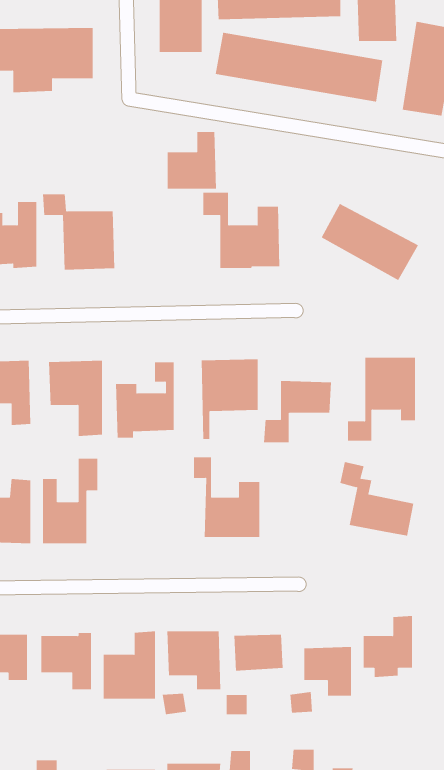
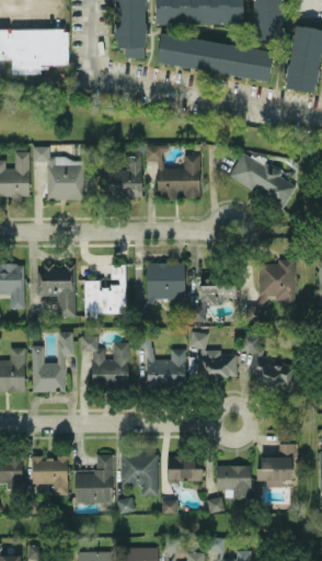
building: [167,132,217,189] -> [107,157,142,197]
building: none -> [191,333,237,378]
building: none -> [81,336,129,390]

